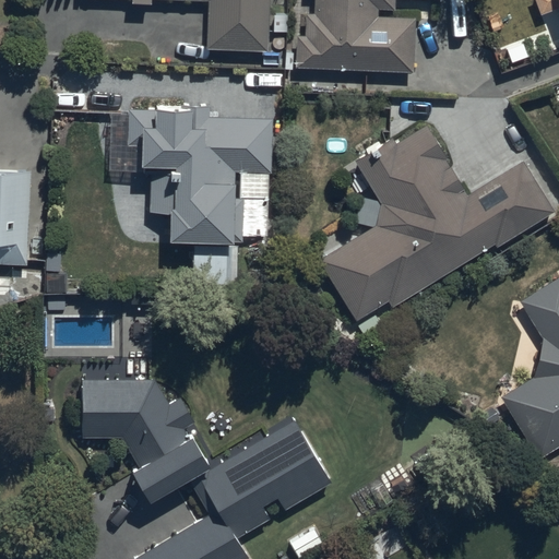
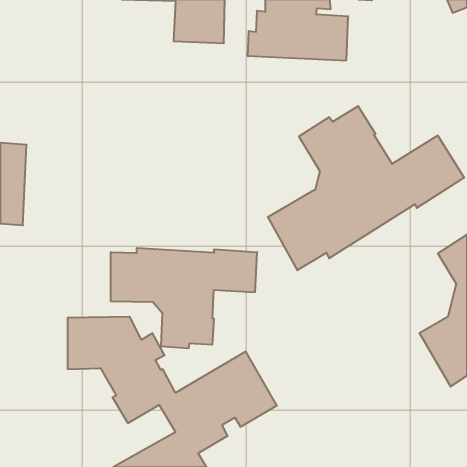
building: [127,104,274,246] -> none
building: none -> [111,248,257,348]

